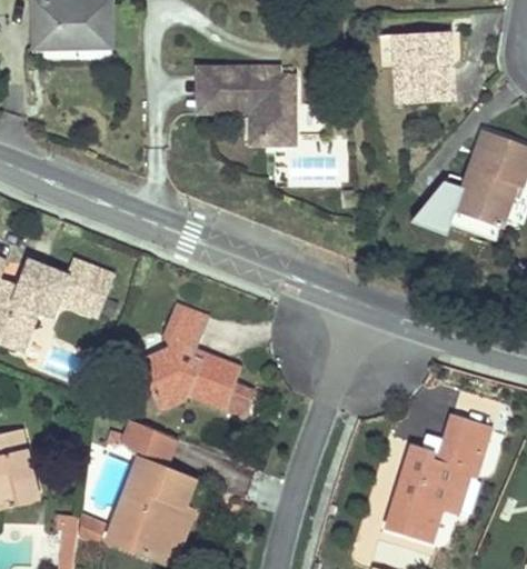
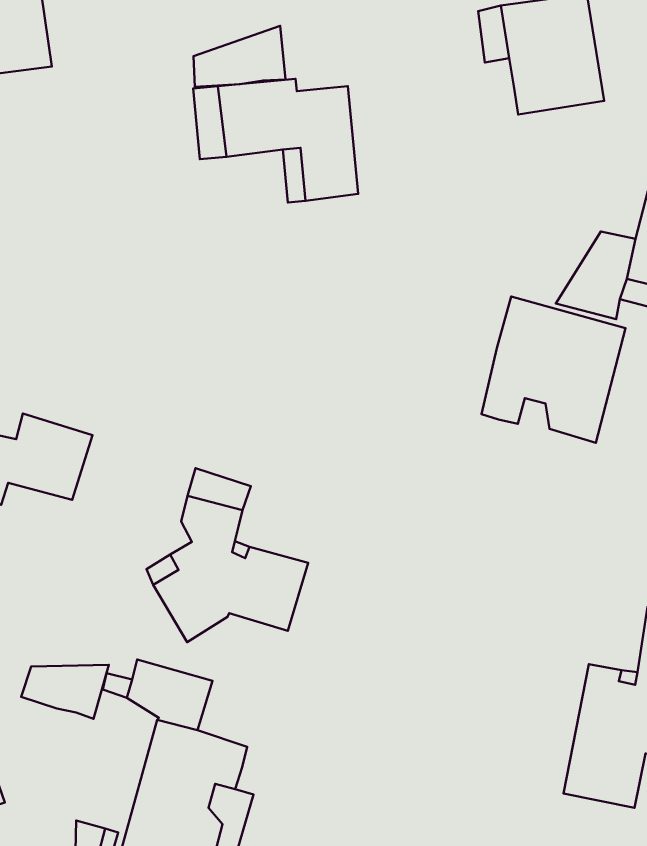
building: none -> [194,26,285,87]
building: none -> [482,297,626,443]
building: none -> [21,665,109,719]

